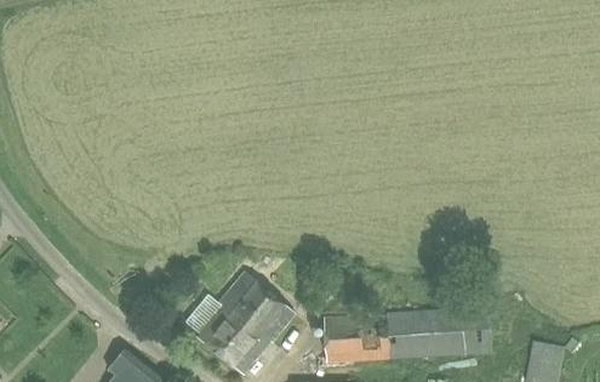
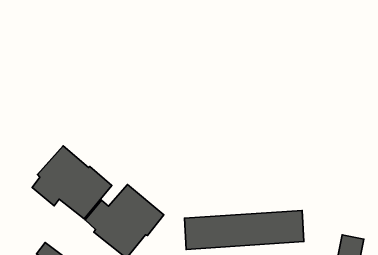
building: none -> [32,146,112,219]

